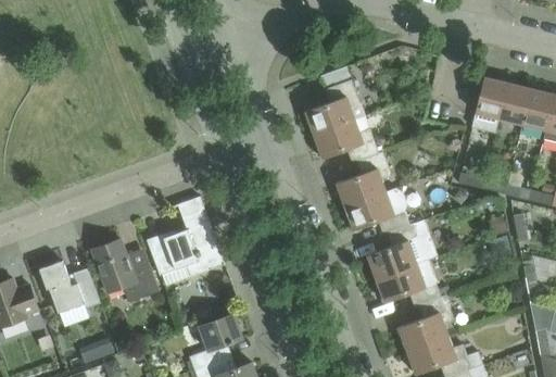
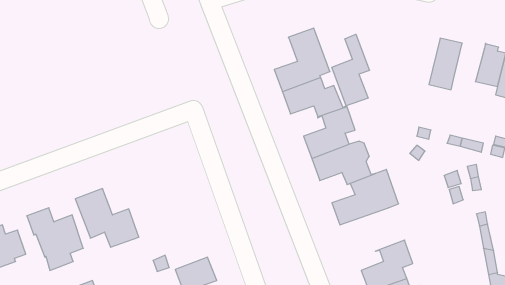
building: none -> [332,34,369,106]
building: [498,83,531,124] -> none
building: [148,196,225,275] -> none
building: [376,260,445,306] -> none

